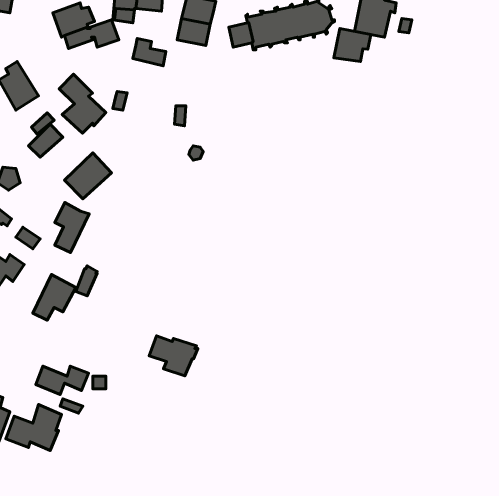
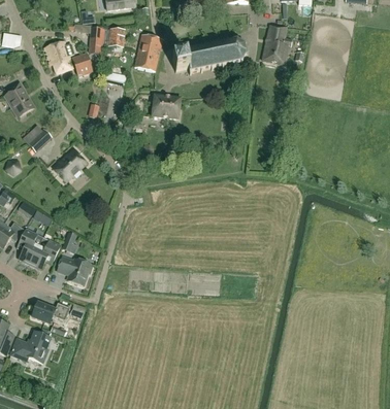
building: [334,28,371,62] -> none
building: [59,74,106,133] -> none
building: none -> [151,94,181,117]
building: [55,202,89,252] -> [19,227,43,263]
building: [149,336,198,376] -> [57,254,92,283]

